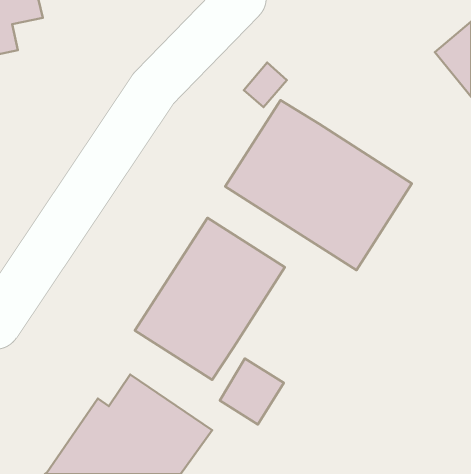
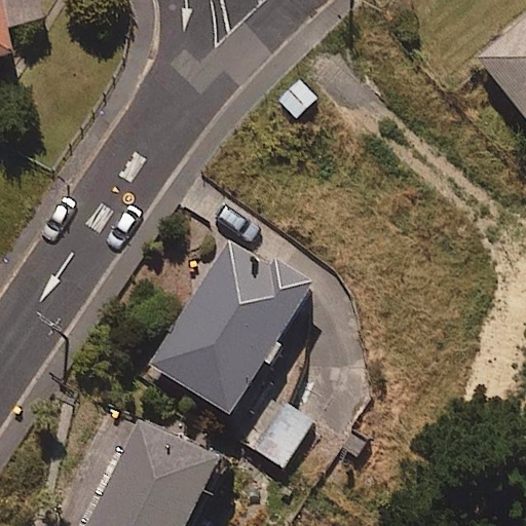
building: [225,100,412,270] -> none

